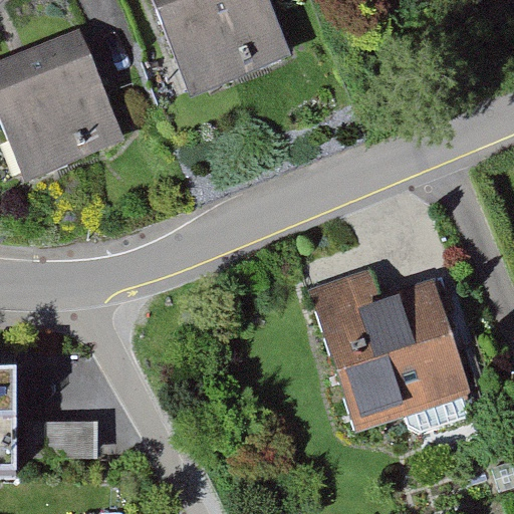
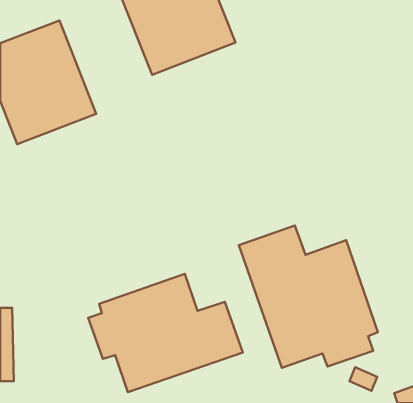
building: none -> [88,274,243,392]

